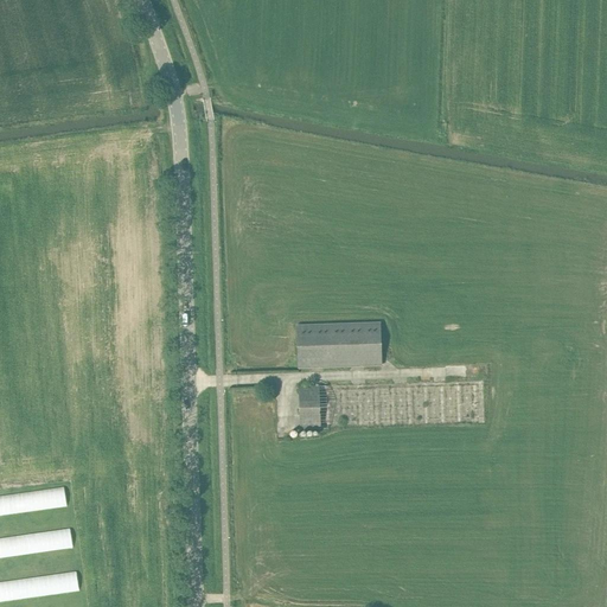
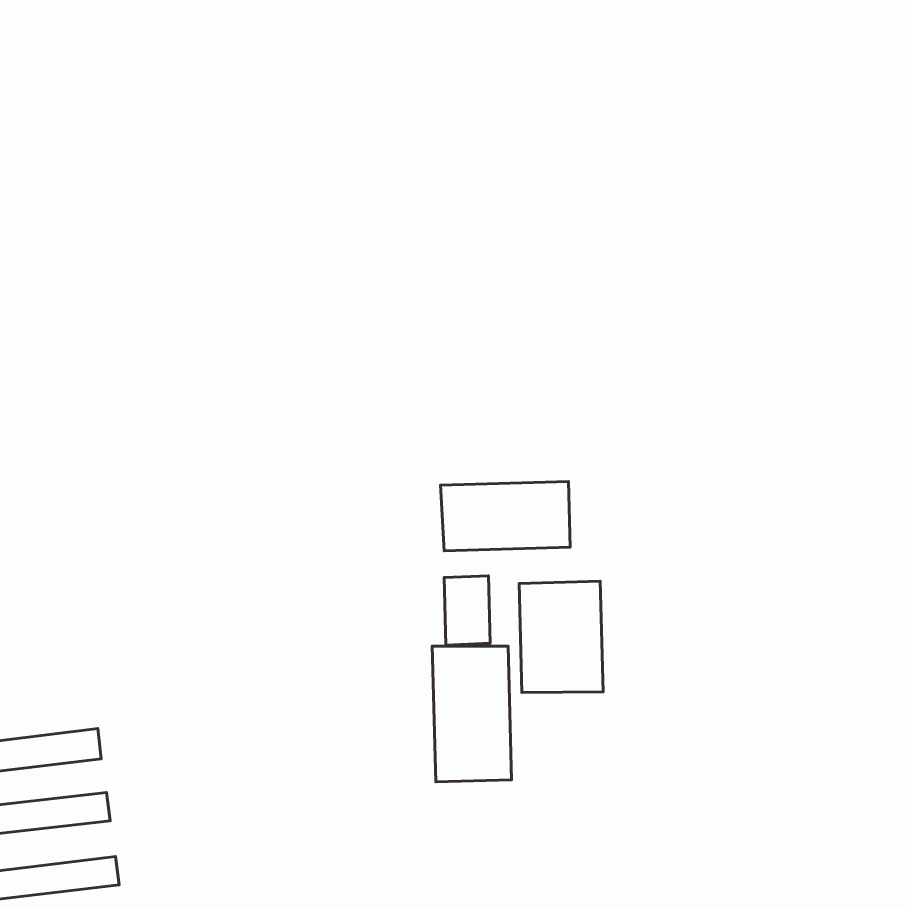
building: none -> [519,581,603,693]
building: none -> [432,646,511,782]

